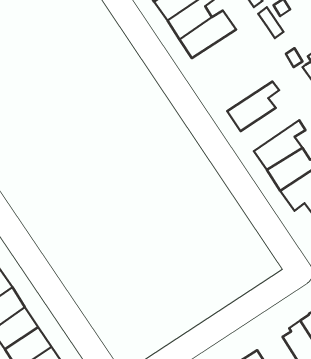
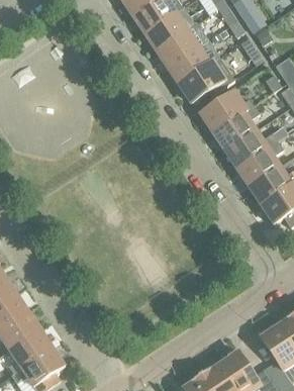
building: none -> [179,58,233,102]
building: none -> [199,90,247,132]
building: none -> [223,129,277,169]

